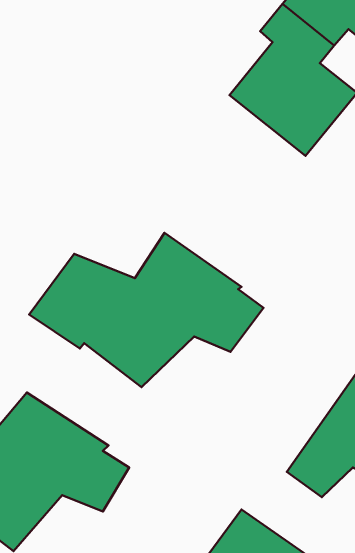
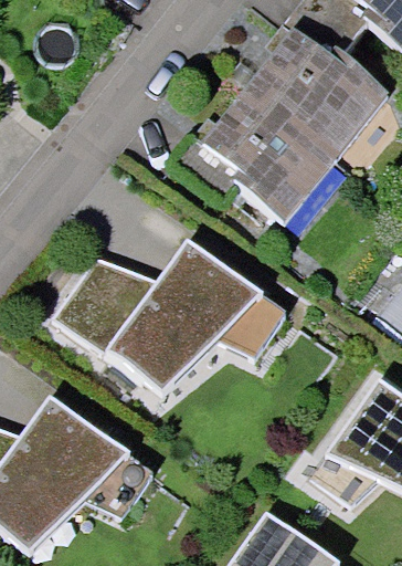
building: none -> [176,98,329,223]

